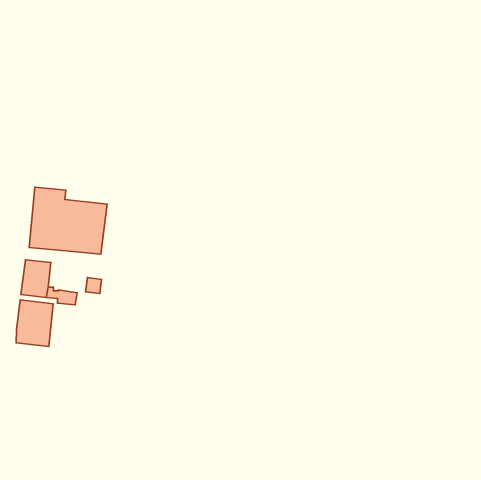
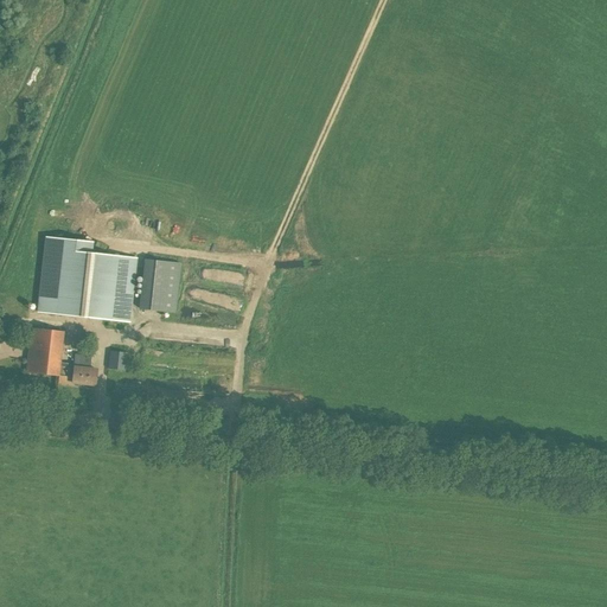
building: none -> [139,258,181,312]
building: [16,300,53,347] -> none

